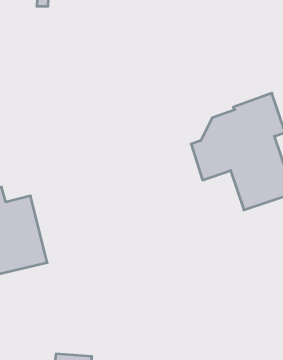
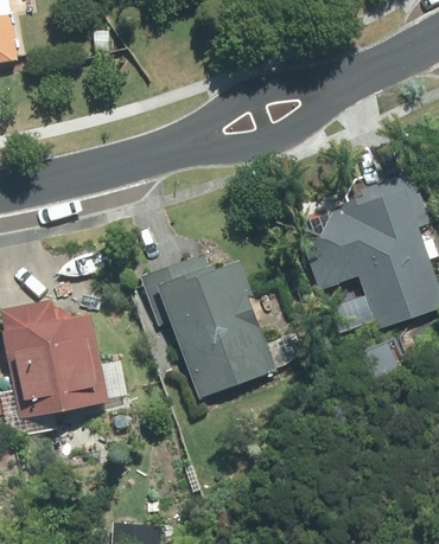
building: none -> [139,255,268,398]

